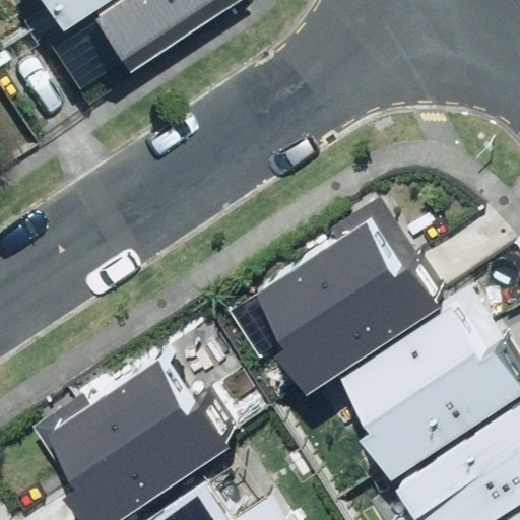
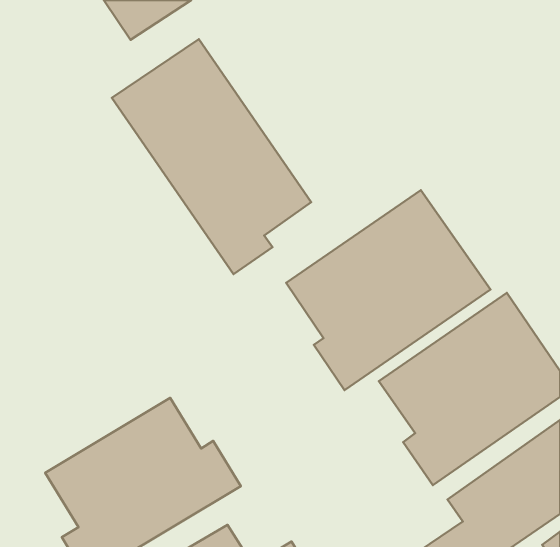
building: none -> [112,39,311,274]

